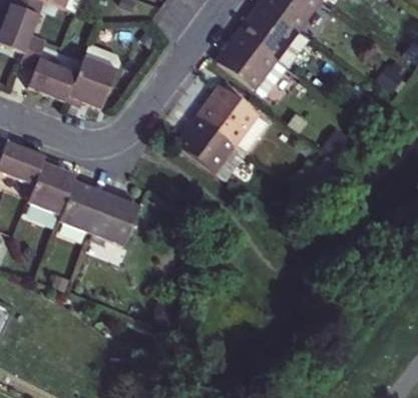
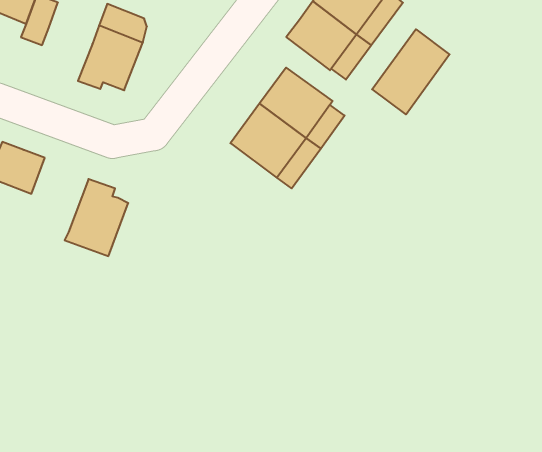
building: [29,56,73,96] -> none
building: none -> [372,29,450,114]
building: [21,154,70,211] -> none
building: [83,188,134,240] -> none

